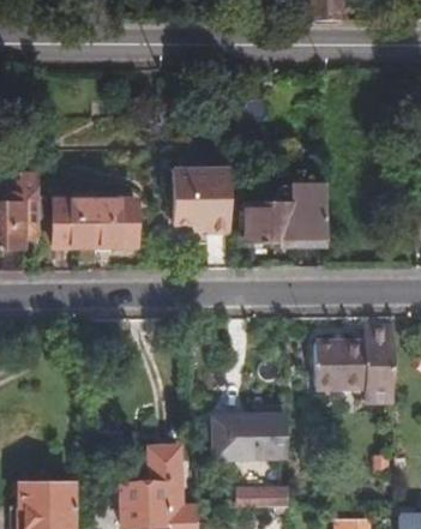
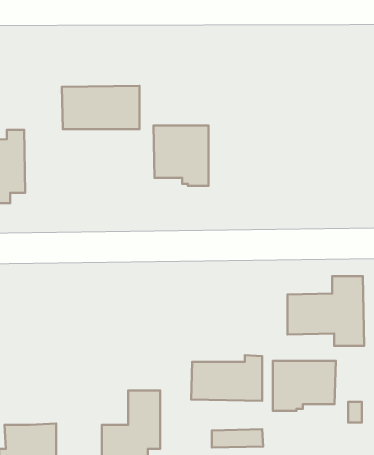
building: [245,185,327,244] -> none
building: [56,199,138,245] -> [62,86,140,129]
building: none -> [273,361,336,411]

